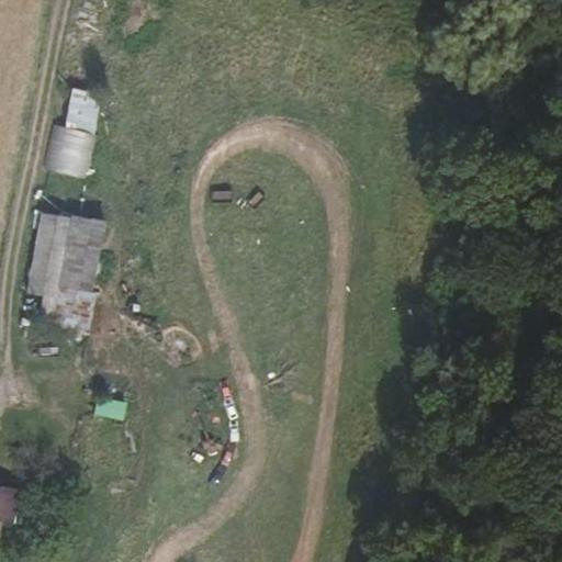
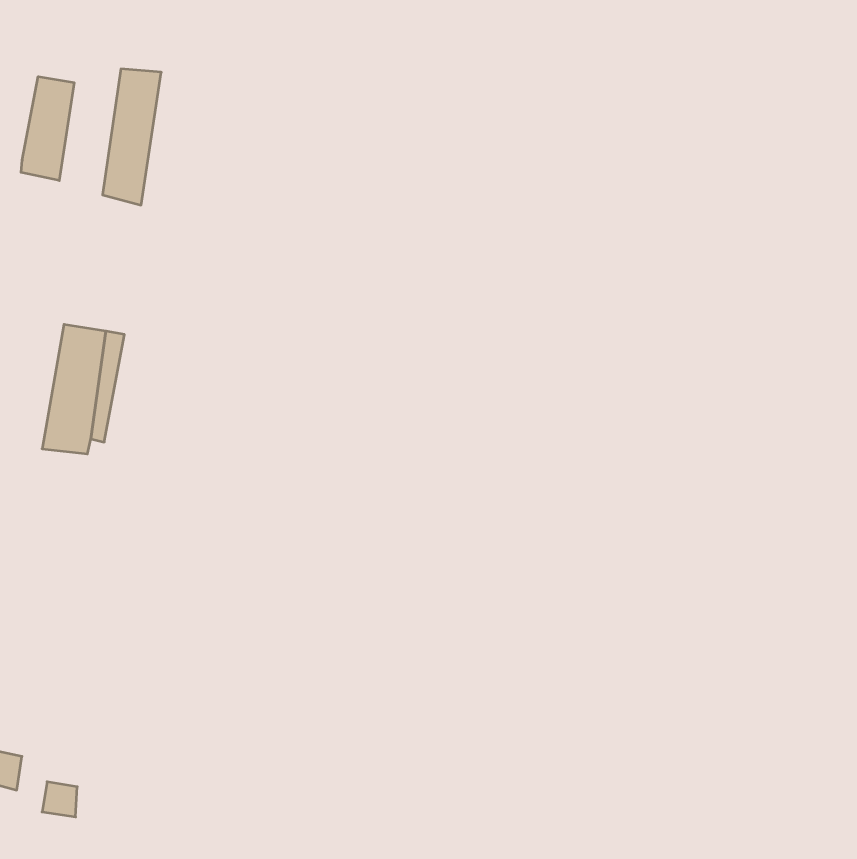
building: none -> [21,77,74,181]
building: [68,218,105,293] -> none

